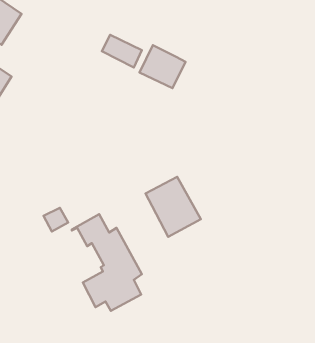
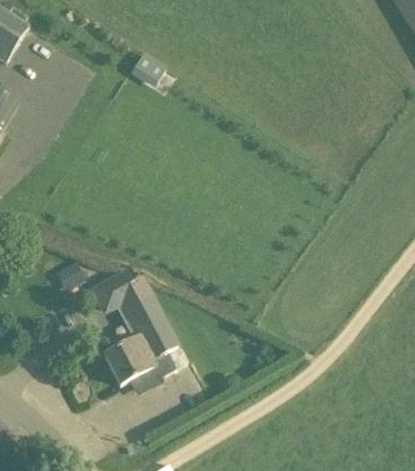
building: [139,45,186,88] -> none
building: [145,177,201,237] -> none

